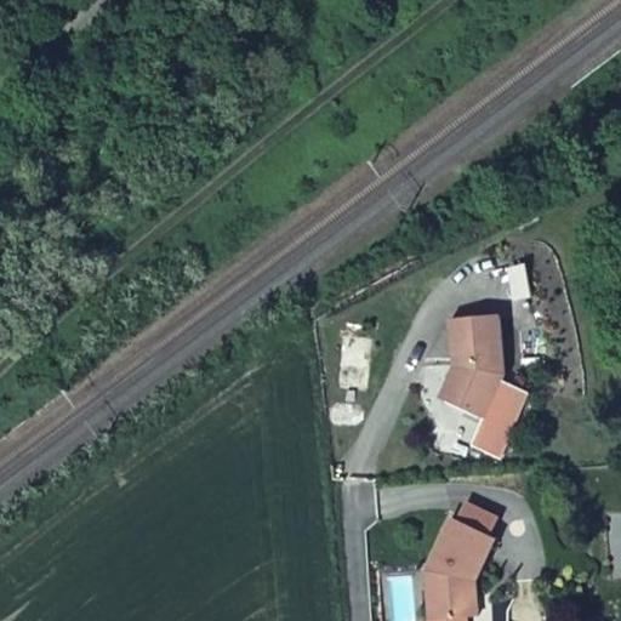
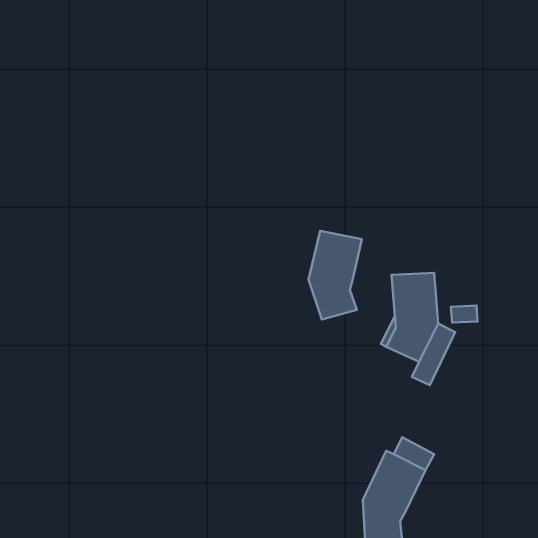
building: none -> [308,231,362,319]

